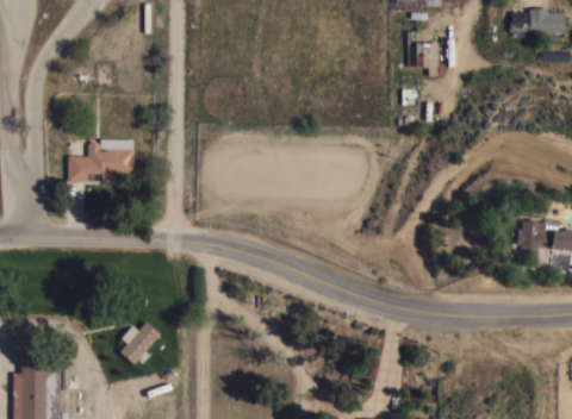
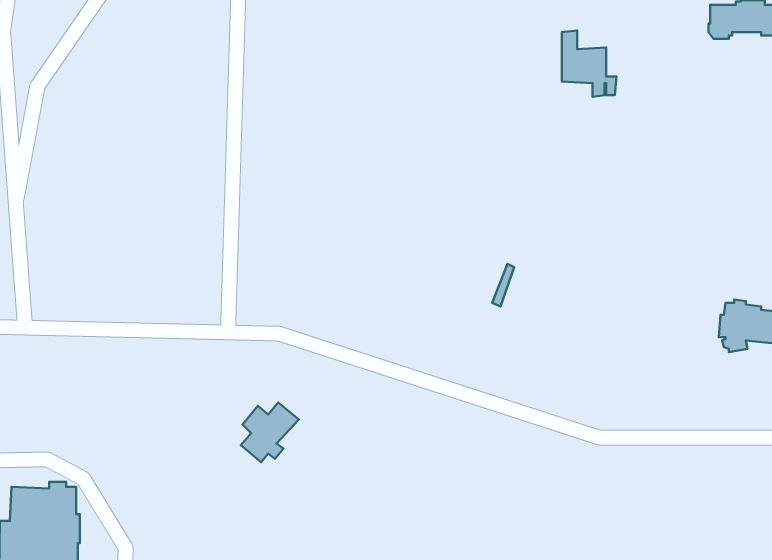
building: [67,139,133,182] -> none
building: [119,324,160,365] -> [241,402,299,462]

